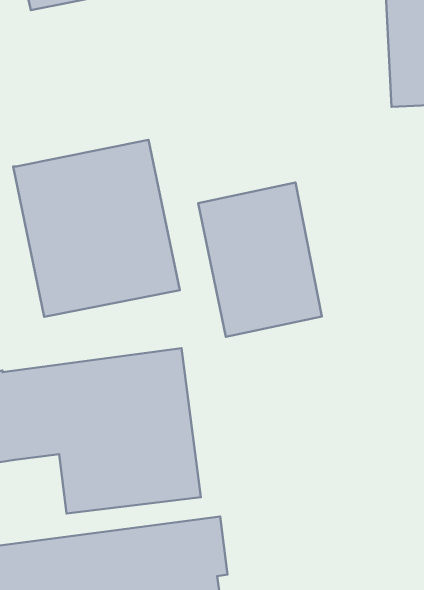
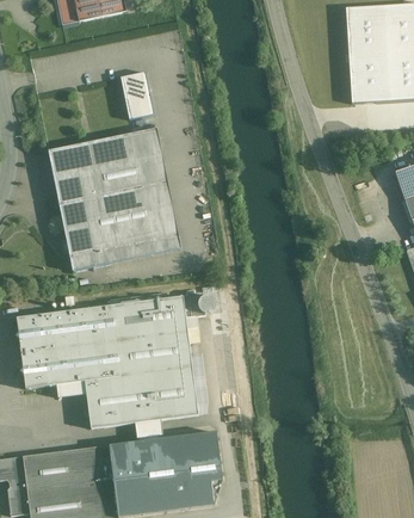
building: none -> [122,72,154,118]
building: [198,183,322,337] -> none

